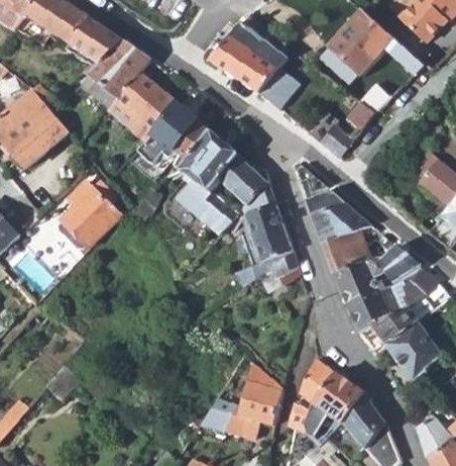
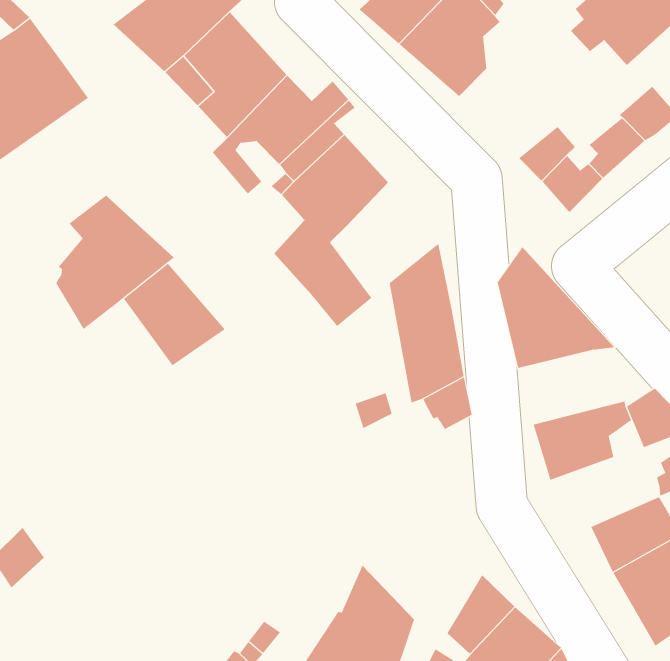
building: [219,143,270,208] -> none
building: none -> [123,263,225,366]
building: [322,230,372,275] -> none
building: [347,287,403,334] -> none

